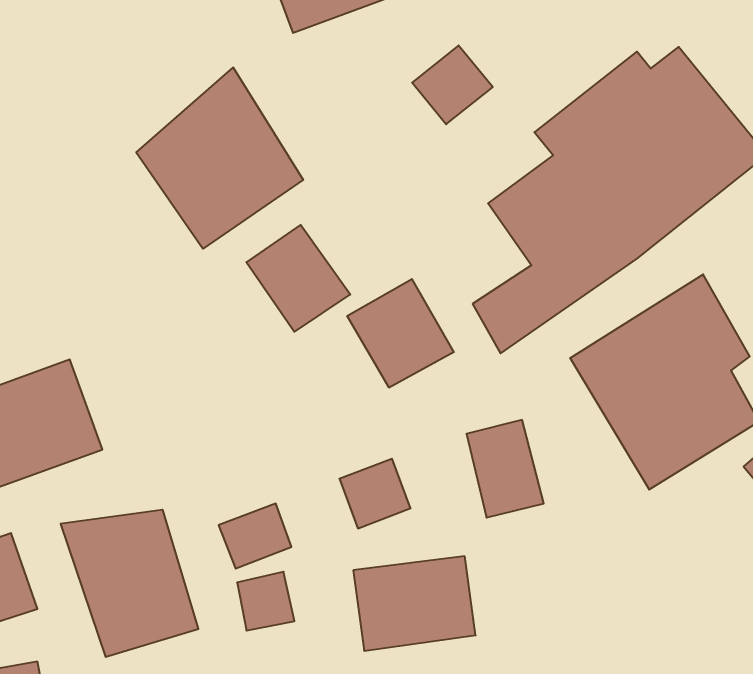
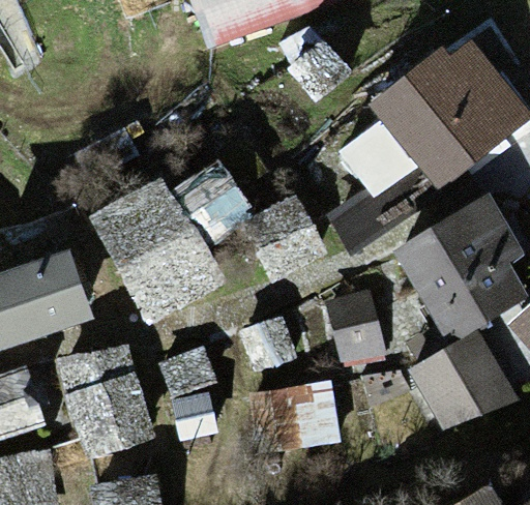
building: [136,67,303,249] -> none
building: none -> [96,180,217,314]
building: none -> [414,332,512,422]

